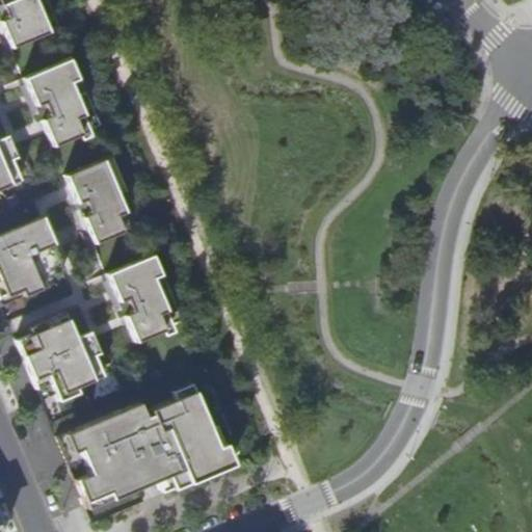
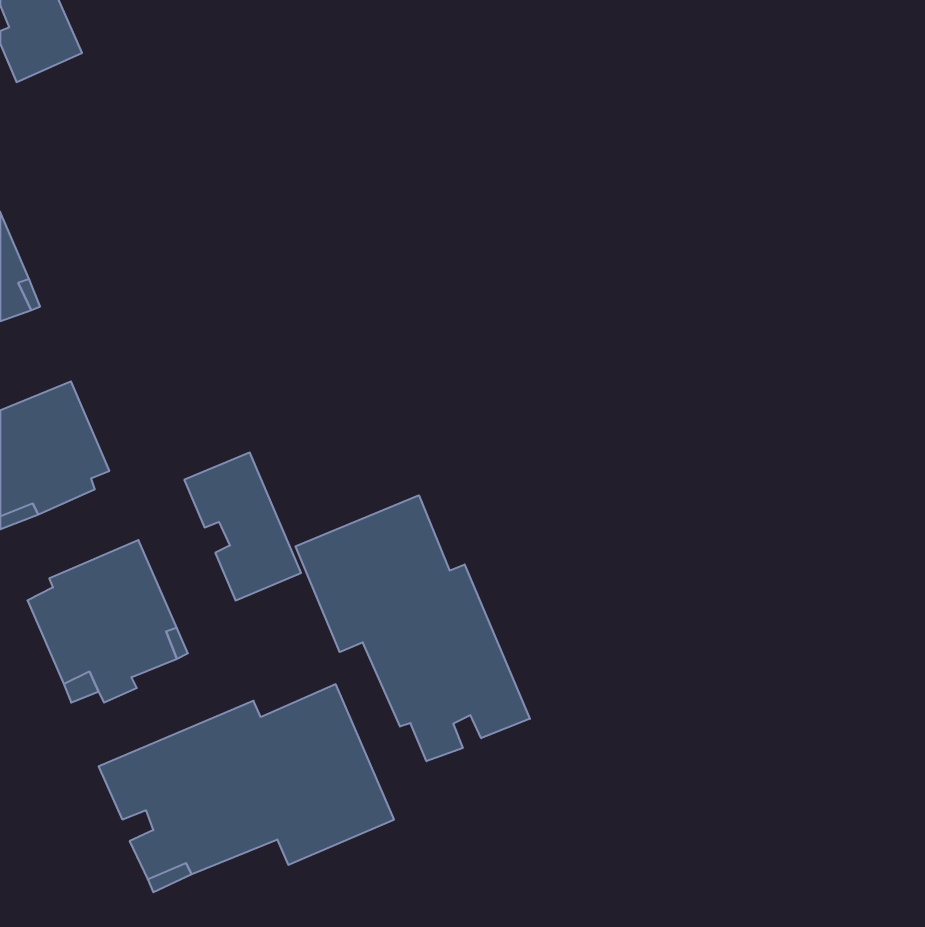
building: [26,61,94,145] -> none
building: [68,160,134,243] -> none
building: none -> [296,495,530,761]

